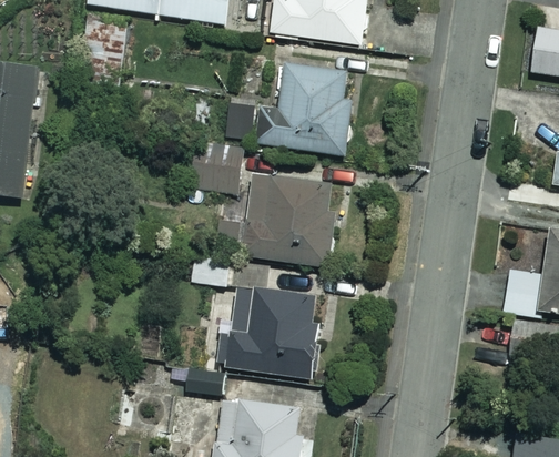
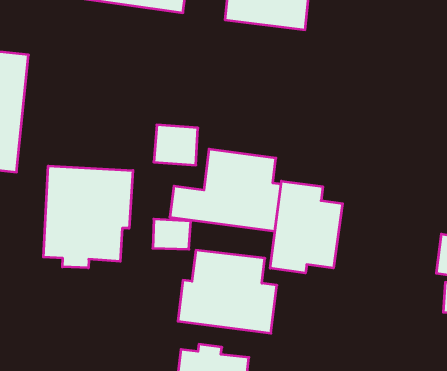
building: [258,63,349,154] -> none
building: none -> [43,166,133,268]
building: none -> [270,181,343,273]

